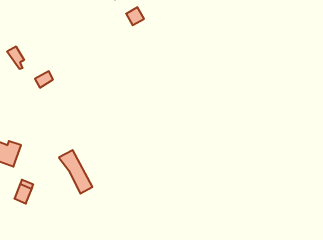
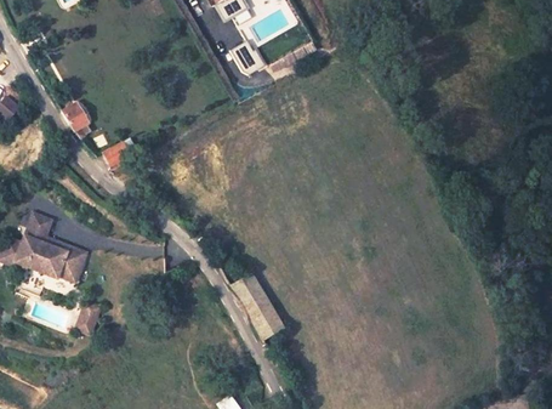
building: [59,150,92,194] -> [234,273,284,337]

